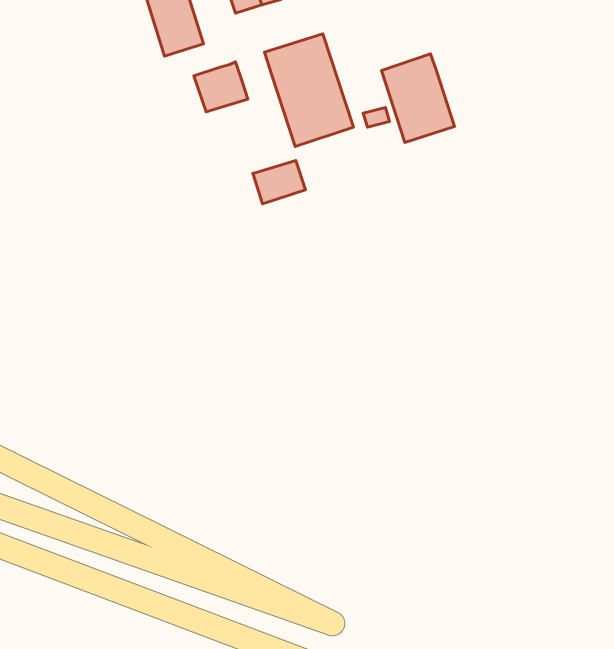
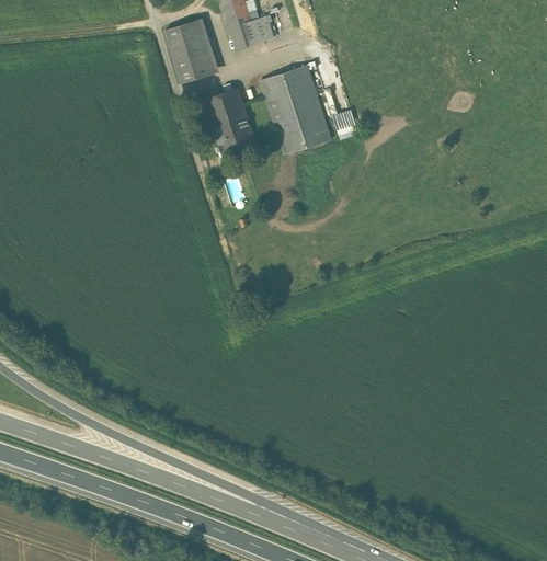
building: [382,54,455,142] -> none
building: [253,161,306,204] -> [213,116,254,150]

